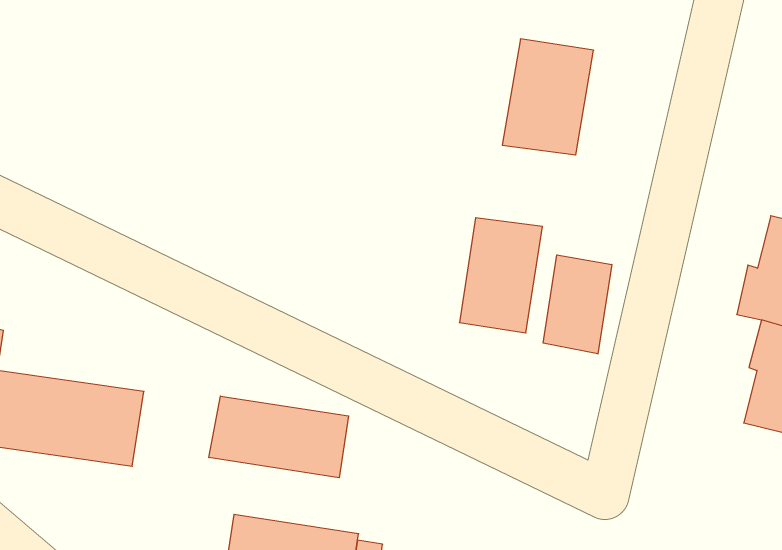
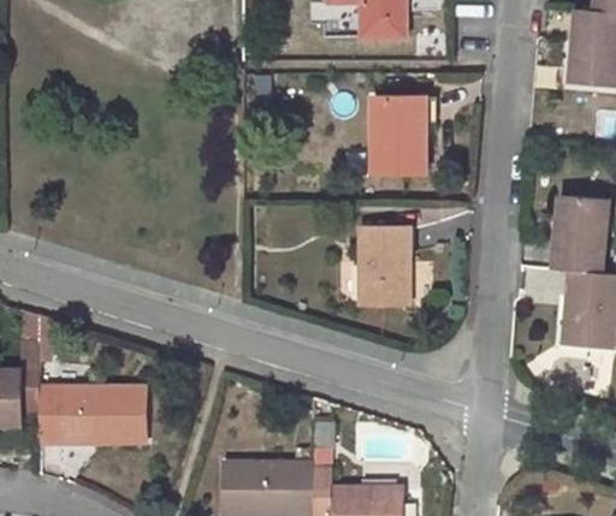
building: [543,255,612,354] -> none
building: [209,396,349,478] -> none

